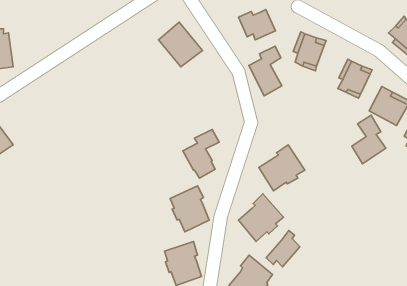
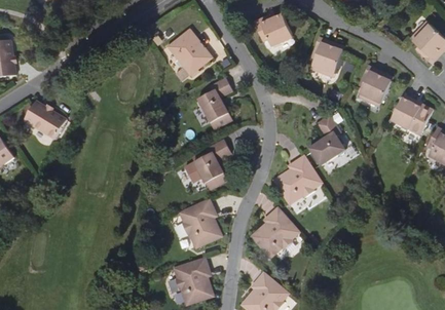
building: [249,46,282,96] -> [198,78,233,130]
building: none -> [23,100,65,138]
building: [352,115,386,164] -> [309,115,345,166]
building: [266,231,300,267] -> none

